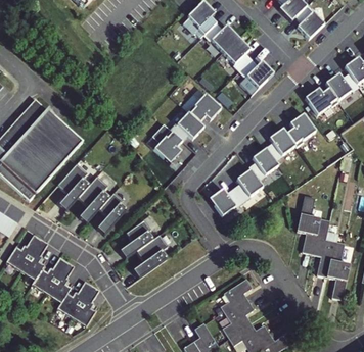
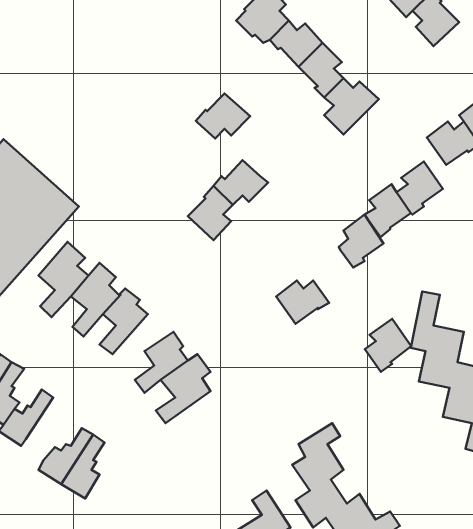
building: [186,93,221,121] -> [196,94,250,139]
building: [232,168,262,202] -> [365,319,411,372]
building: [46,262,74,302] -> none

